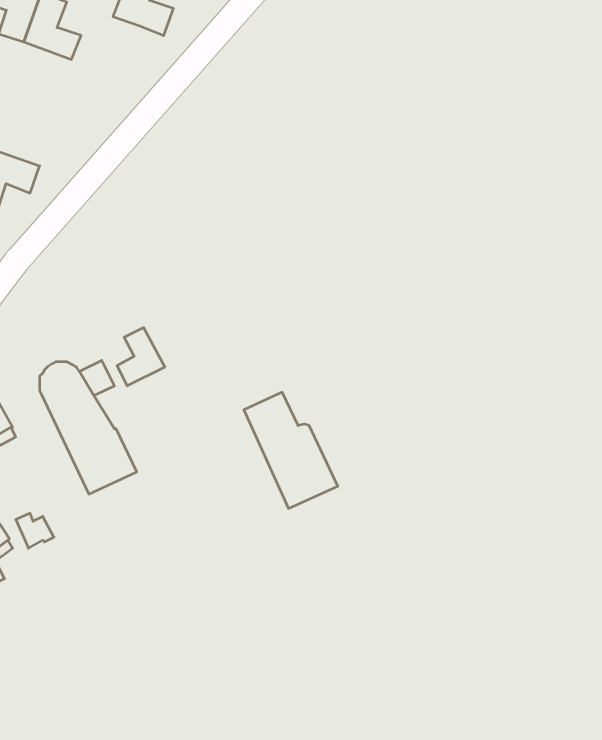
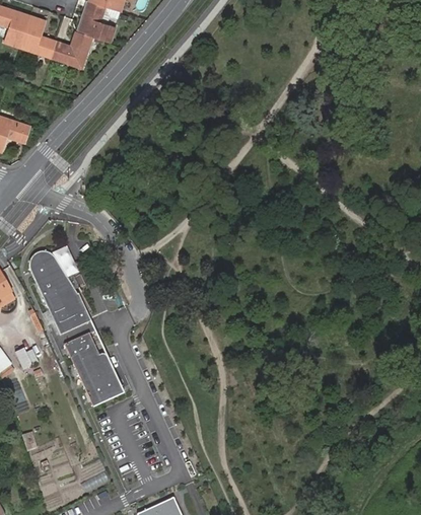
building: none -> [50,30,93,69]
building: [117,328,165,386] -> none
building: [244,392,338,508] -> [65,333,125,407]

